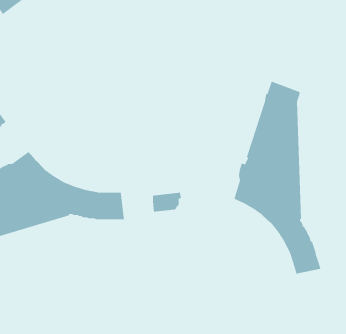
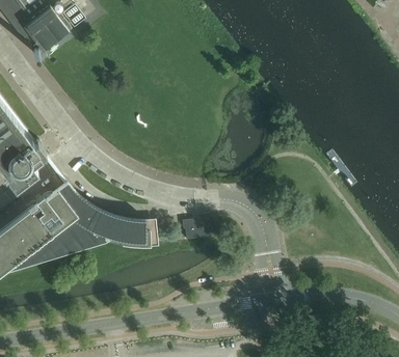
building: [234,80,321,275] -> none

